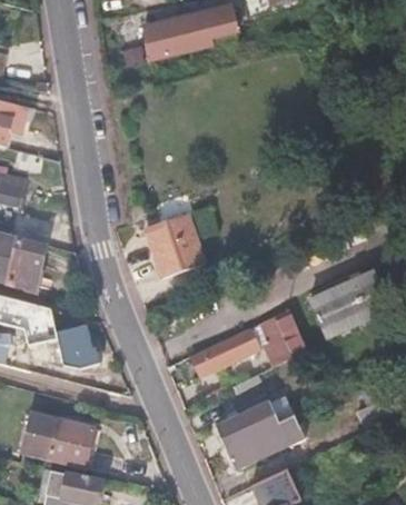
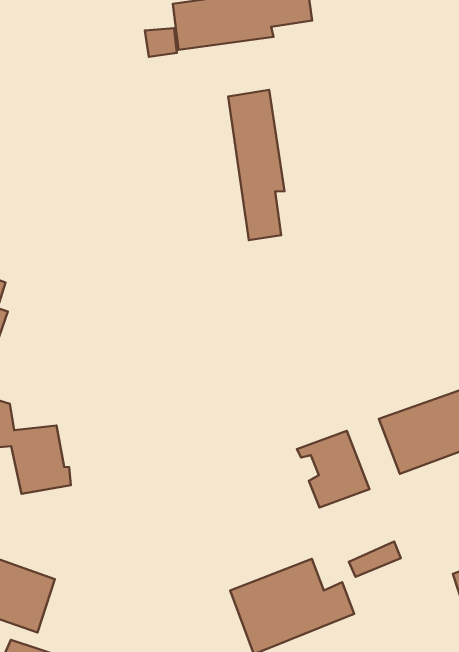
building: none -> [228,90,284,240]
building: [142,214,201,276] -> none
building: [189,336,240,376] -> none

